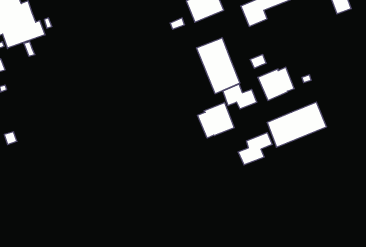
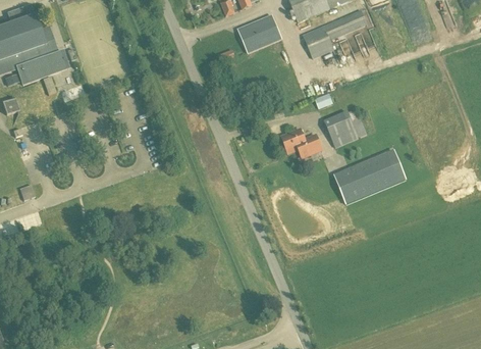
building: [197,38,240,94] -> none
building: [197,102,234,138] -> none
building: [238,133,272,165] -> none

